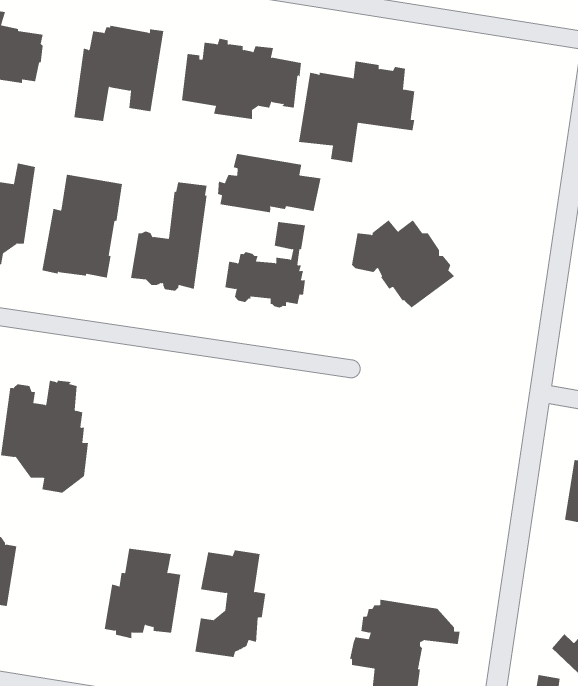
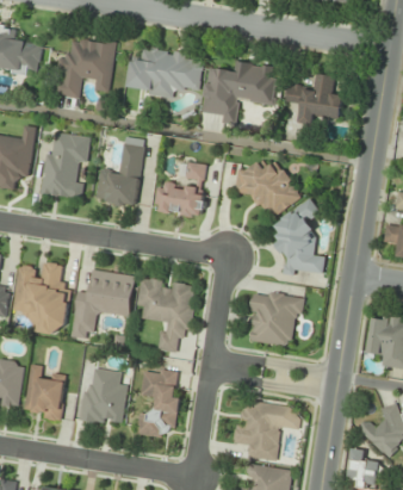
building: none -> [286,73,343,124]
building: [217,153,321,213] -> none
building: none -> [275,198,326,275]
building: none -> [70,269,135,339]
building: none -> [137,278,194,353]
building: none -> [250,291,304,345]
building: none -> [24,364,66,421]

